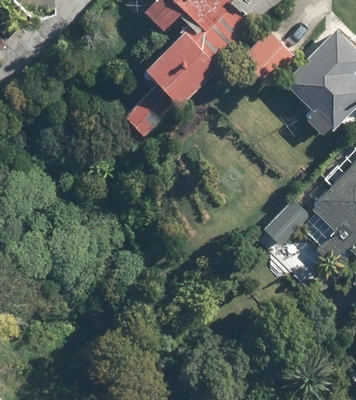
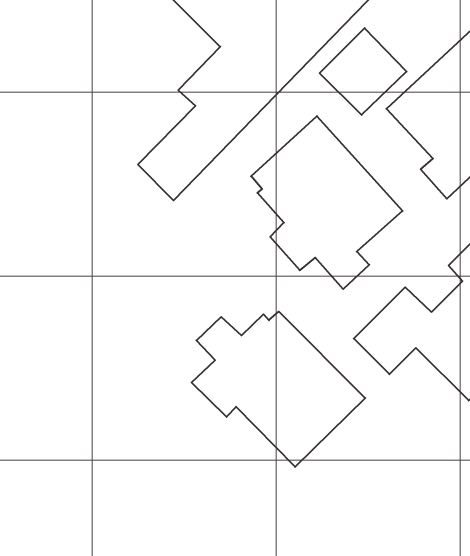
building: none -> [251,116,403,289]
building: none -> [192,312,365,467]

